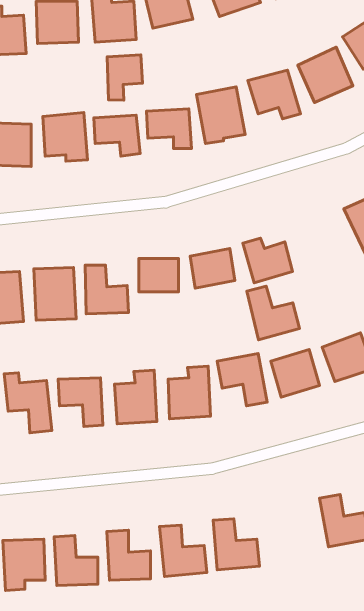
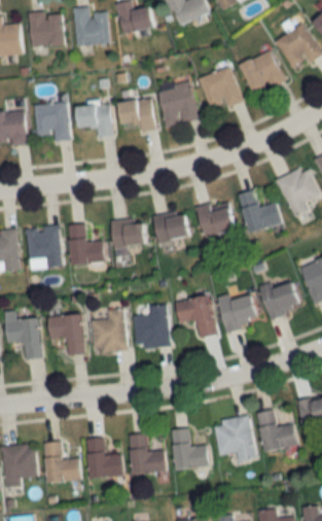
building: [107,55,143,100] -> none
building: [247,286,299,340] -> [239,189,281,233]
building: none -> [214,416,255,461]

